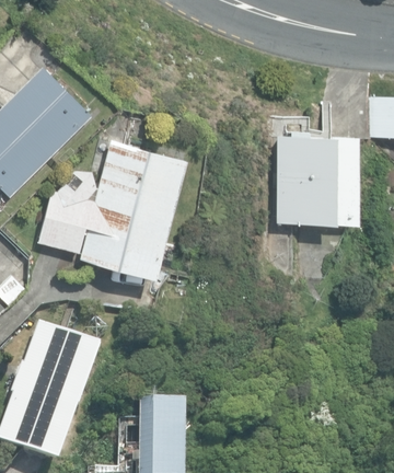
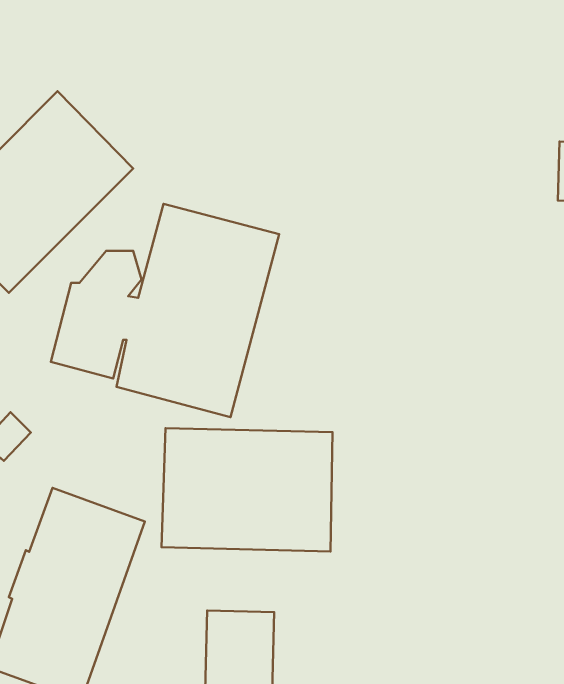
building: [276,135,358,224] -> none
building: none -> [161,428,332,551]

